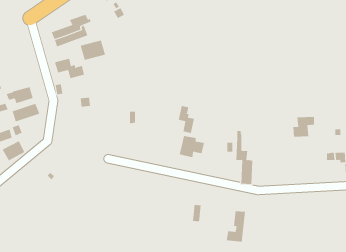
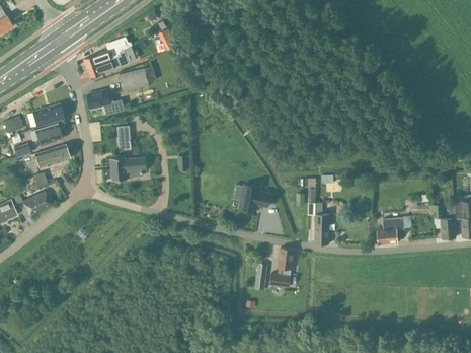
building: none -> [33,104,64,127]
building: [178,105,194,134] -> none
building: none -> [111,157,147,181]
building: [292,116,315,137] -> [377,218,404,243]
building: [226,211,246,242] -> [269,249,294,287]

